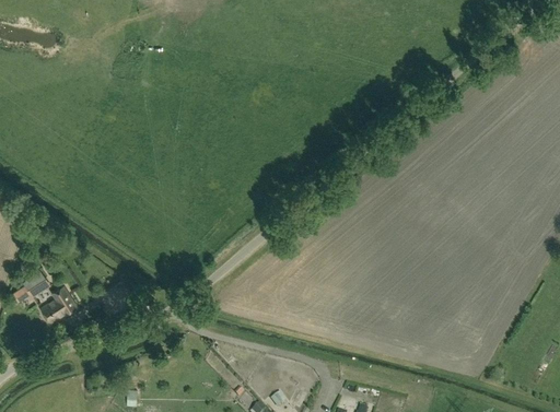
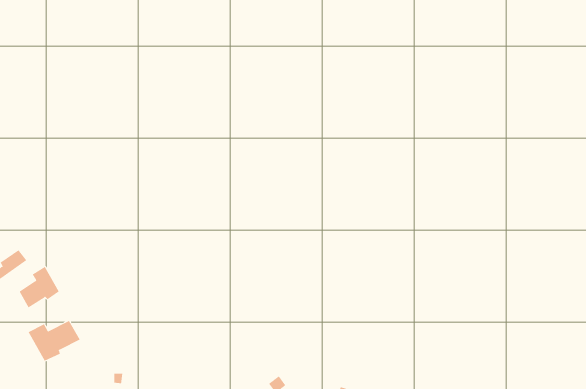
building: none -> [28,320,80,362]

